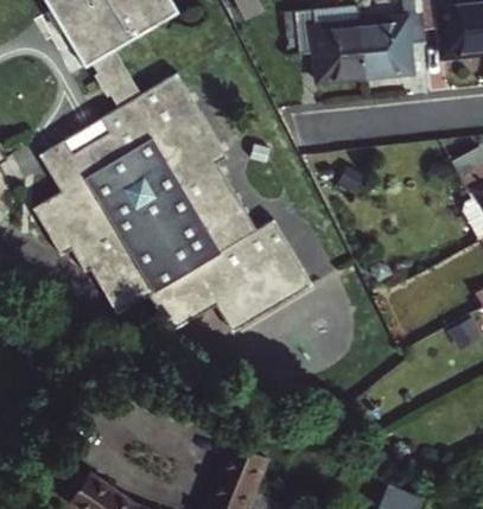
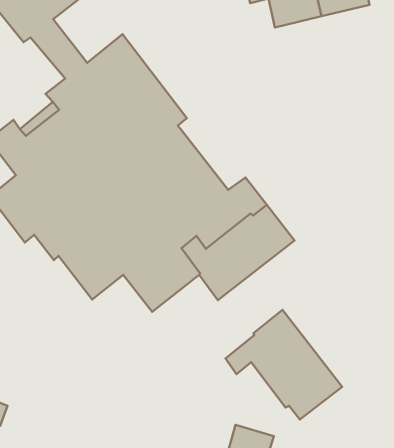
building: none -> [225,310,342,420]

